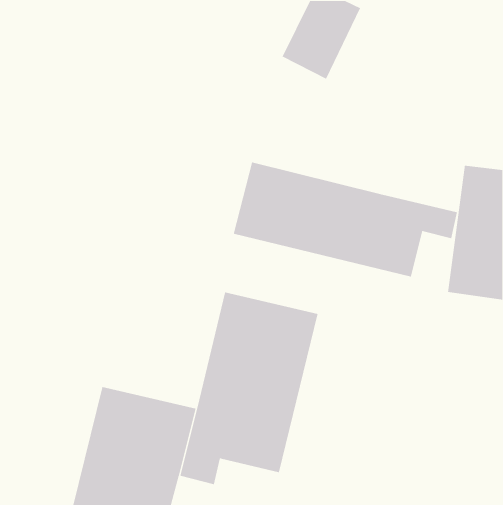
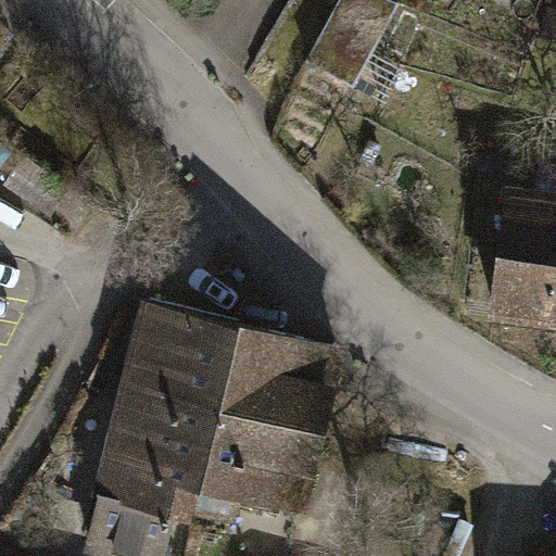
building: [233,162,458,277] -> none
building: none -> [111,298,244,450]

